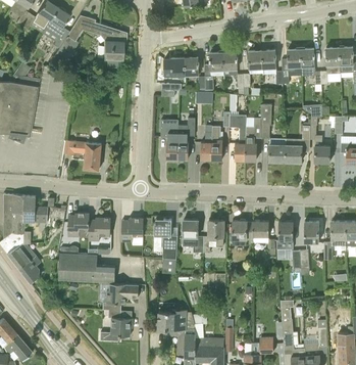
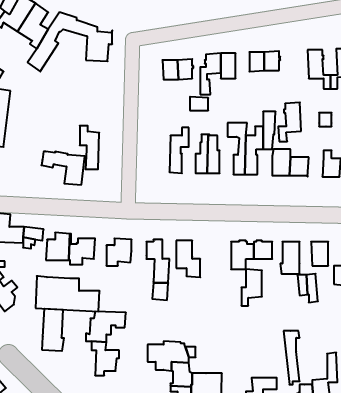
building: [282,49,302,84] -> [278,102,301,141]
building: [161,120,179,158] -> [80,126,99,169]
building: [205,220,223,253] -> [241,269,262,306]
building: none -> [42,309,64,351]

